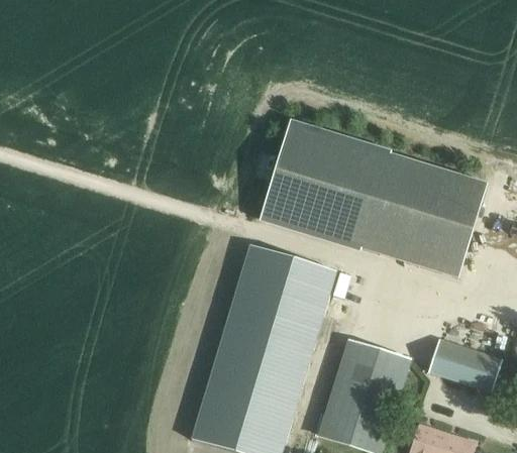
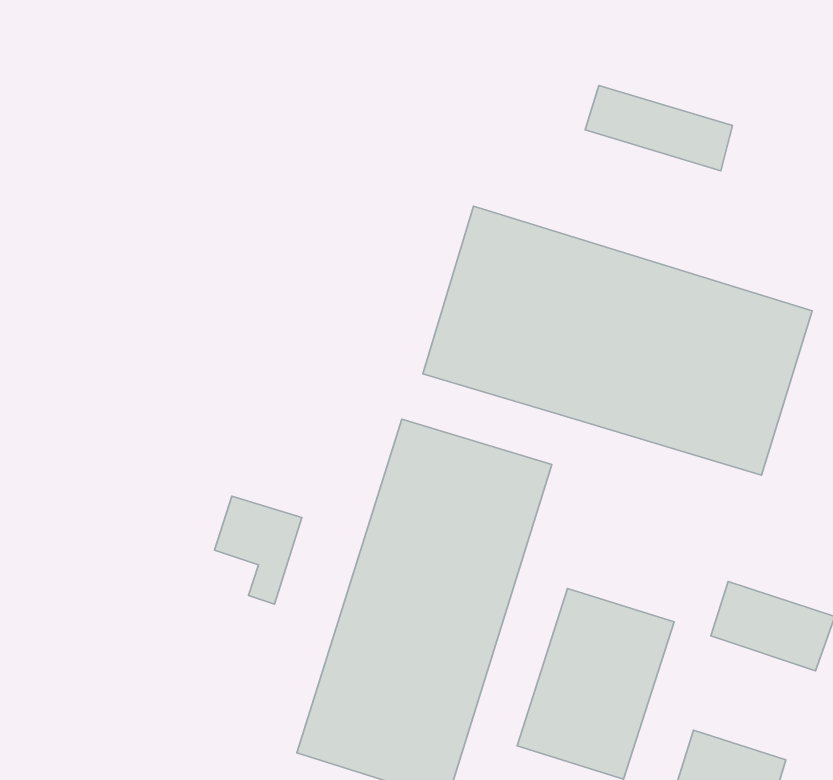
building: none -> [585,86,732,171]
building: none -> [214,496,302,604]

